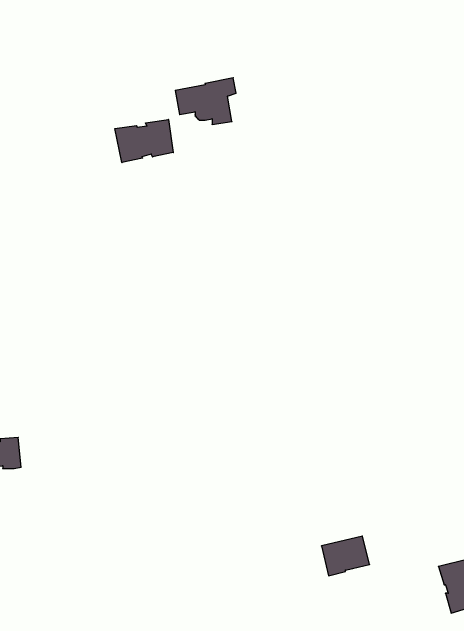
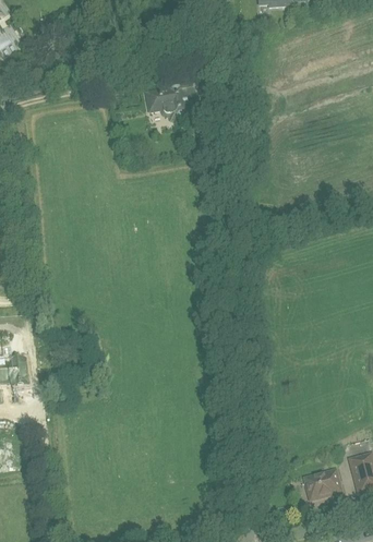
building: [115,119,173,163] -> none
building: [321,536,370,576] -> [303,470,340,501]

